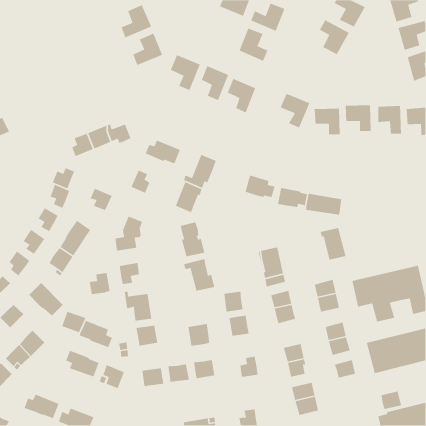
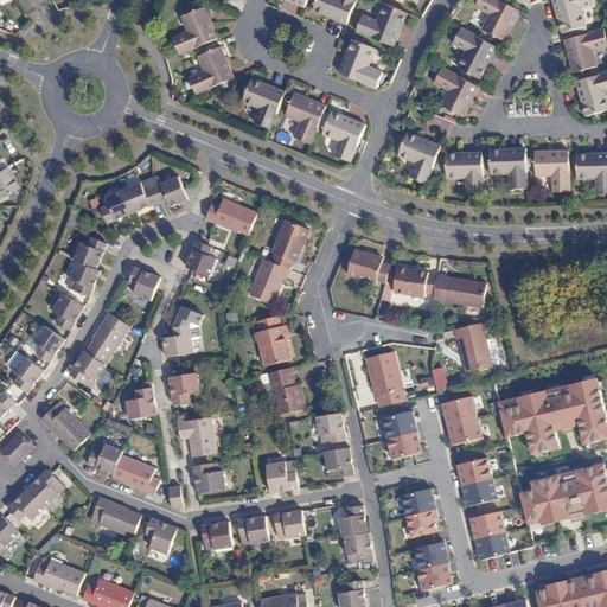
building: none -> [433,66,477,116]
building: none -> [344,532,373,563]
building: [381,391,402,410] -> [479,531,510,558]

